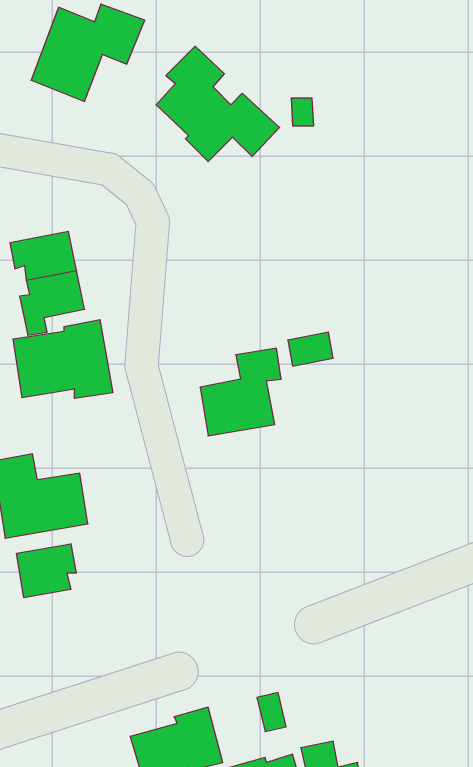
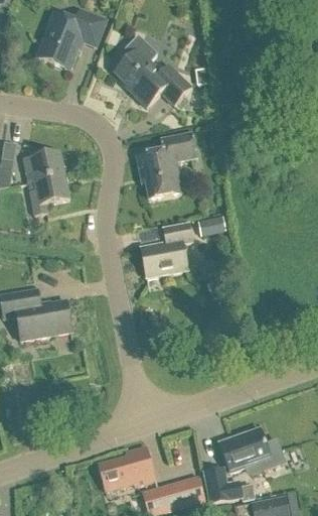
building: none -> [136,132,195,199]
building: [13,320,113,398] -> none
building: [17,544,76,598] -> none
building: none -> [219,427,271,472]

